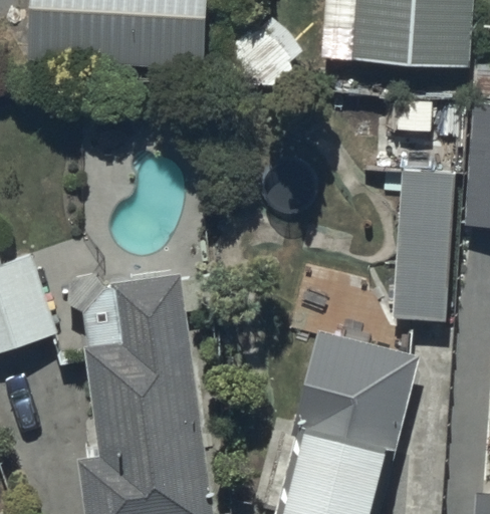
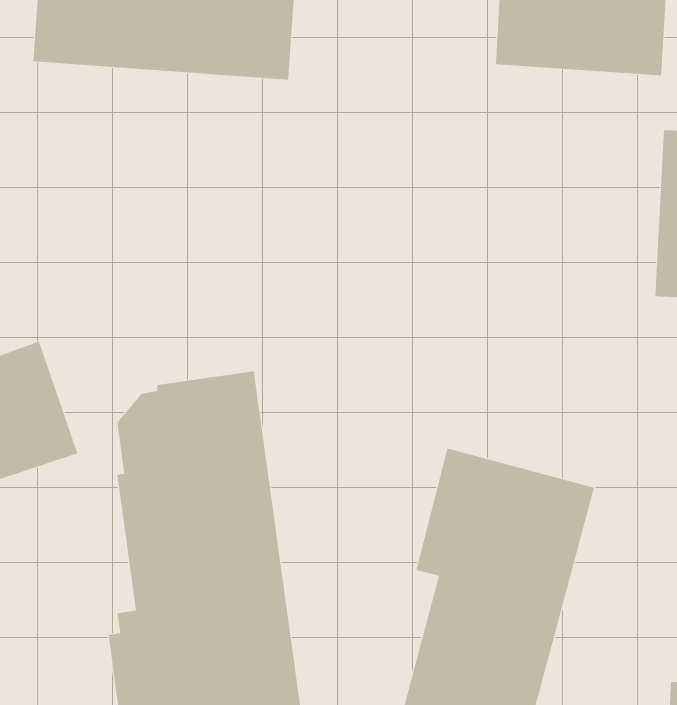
building: [391,170,457,323] -> none

